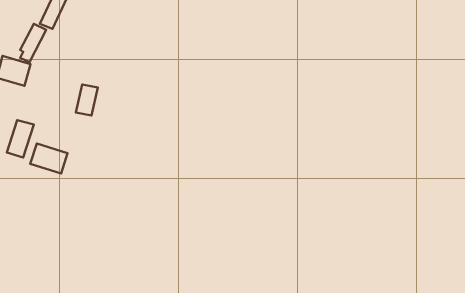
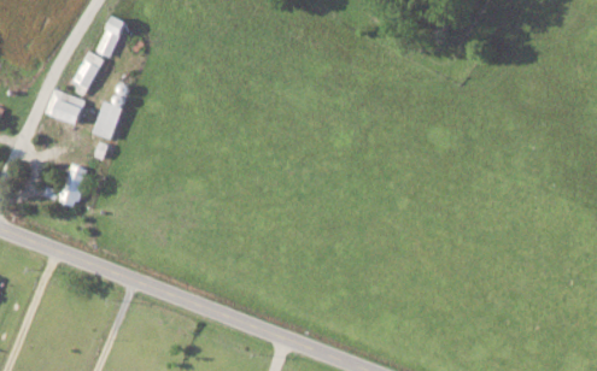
building: [76,84,98,116] -> [96,104,122,140]
building: [30,144,68,173] -> none

